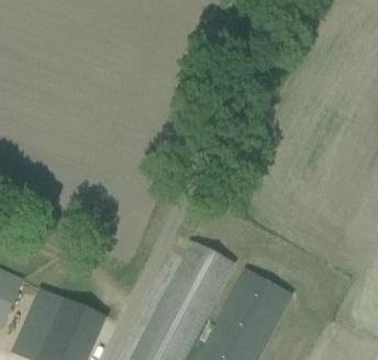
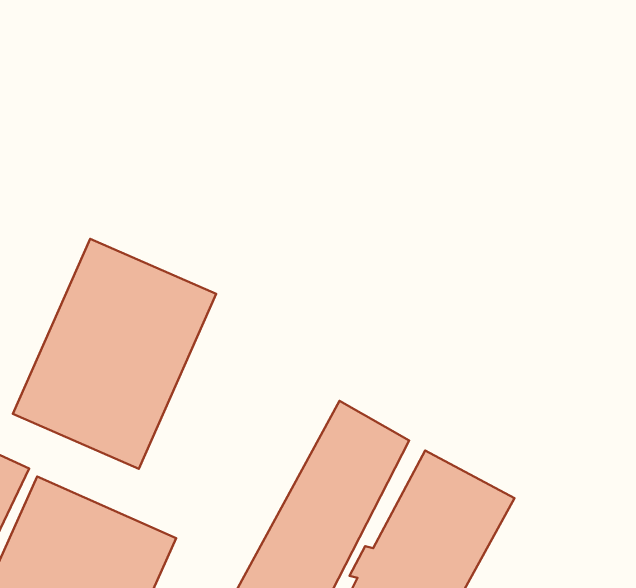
building: none -> [13,239,216,469]

